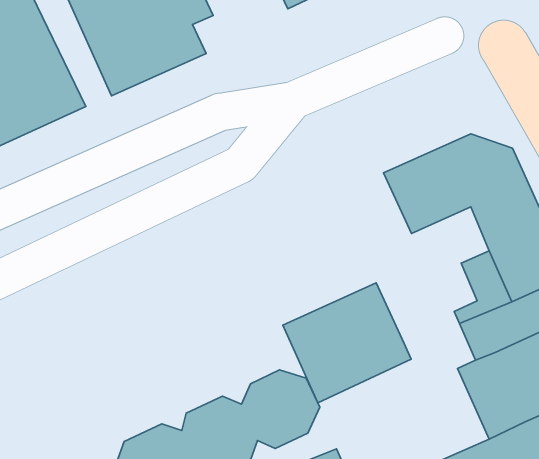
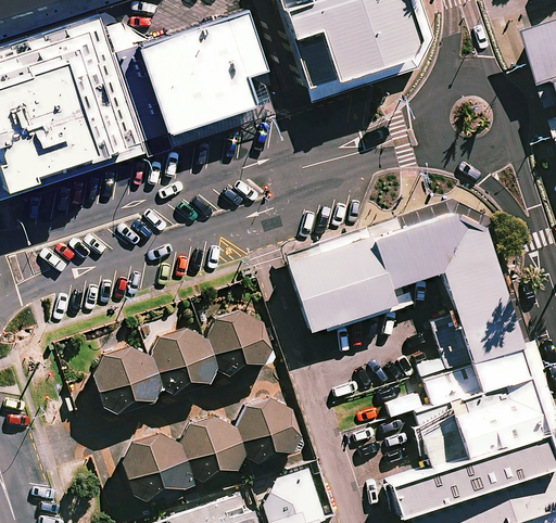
building: none -> [91,309,270,407]
building: [283,283,411,403] -> [292,239,397,334]

